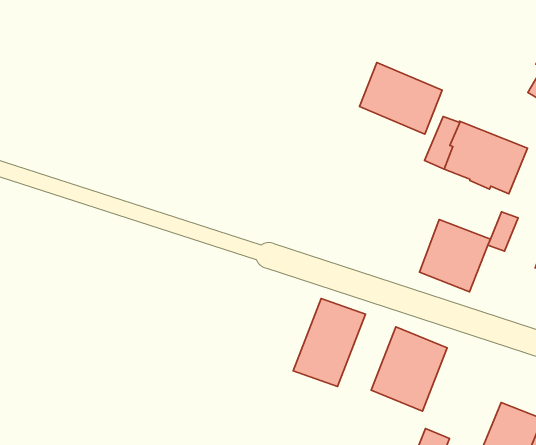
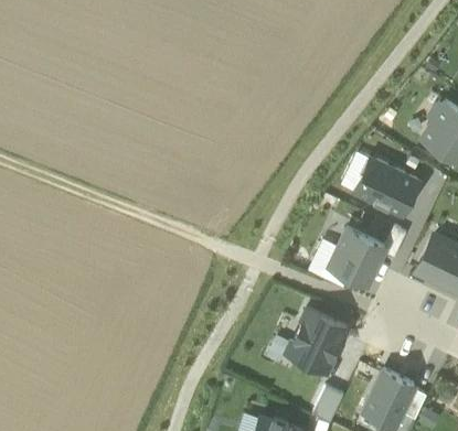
building: [359,62,442,134] -> none
building: [293,298,365,387] -> none

